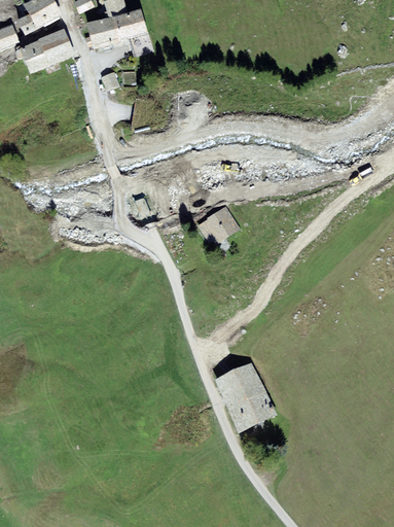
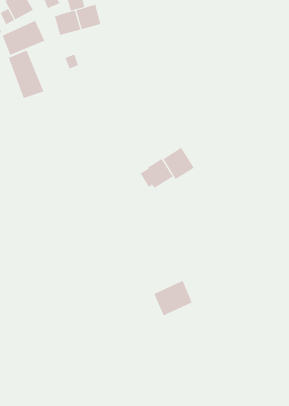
building: none -> [8,50,44,99]
building: none -> [163,147,195,180]
building: [226,390,277,432] -> none

